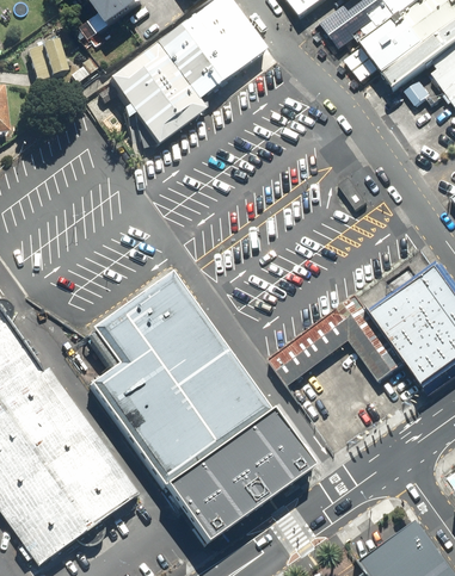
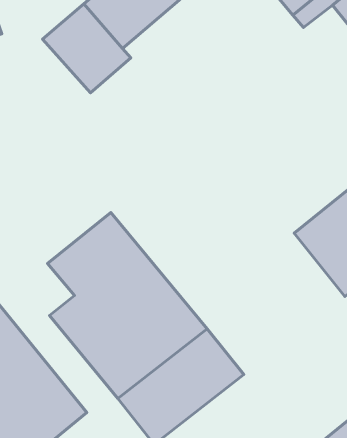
building: [268,292,404,383] -> none

